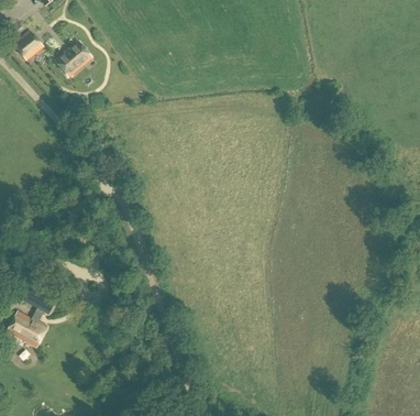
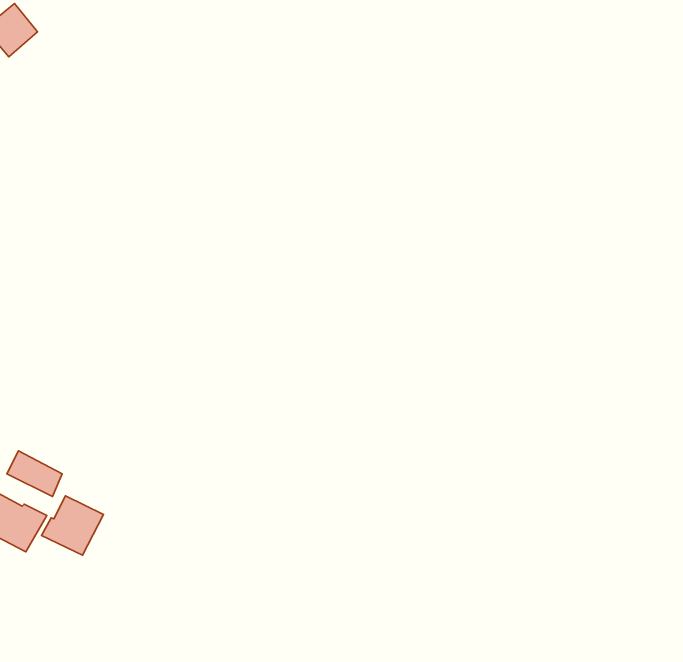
building: [55,42,92,78] -> none
building: none -> [42,496,103,555]

